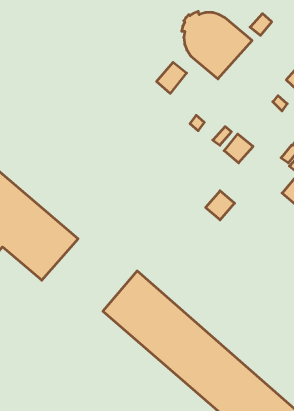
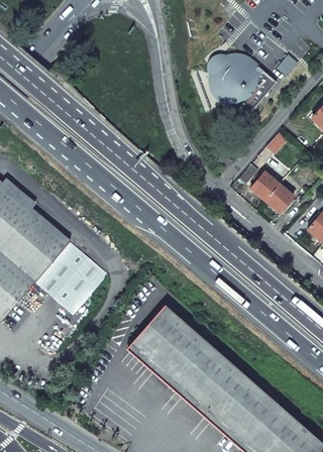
building: [157,62,187,93] -> none
building: [206,191,235,220] -> [264,184,293,212]

